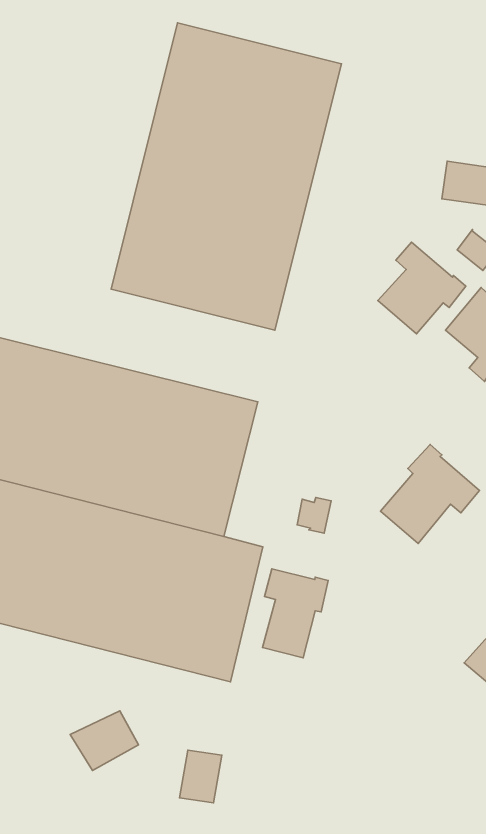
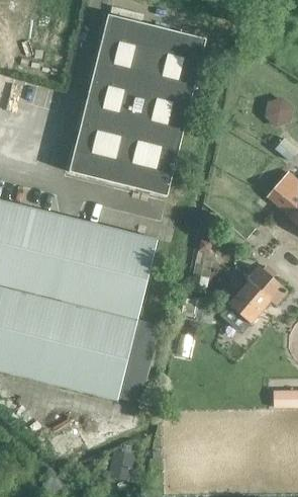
building: [378,242,466,334] -> none
building: [262,569,328,658] -> none

